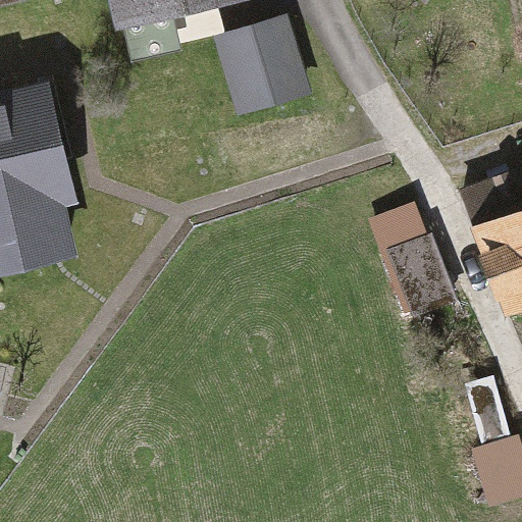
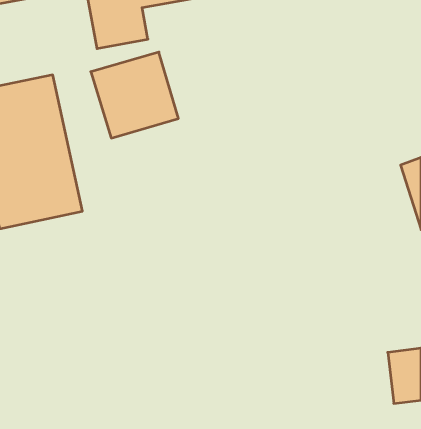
building: [211,12,316,115] -> [91,52,178,138]
building: [373,206,452,314] -> none

